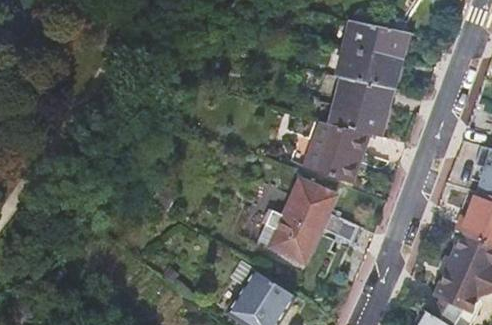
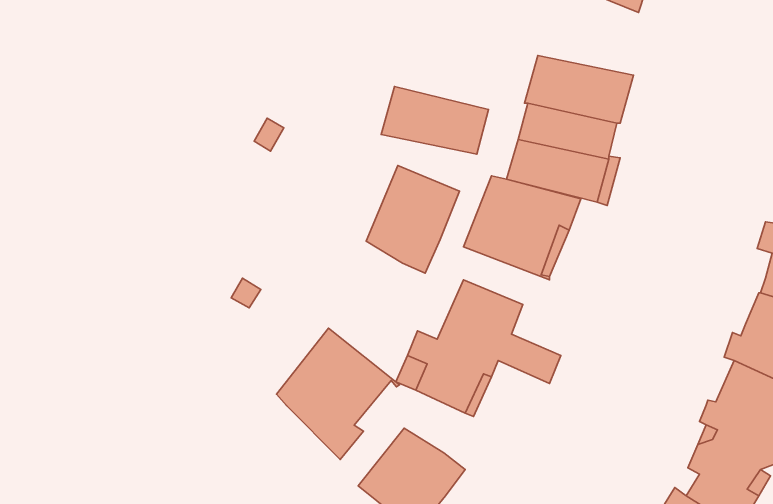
building: [342,18,407,59] -> [381,87,488,154]
building: none -> [366,165,460,273]
building: none -> [277,328,400,460]

